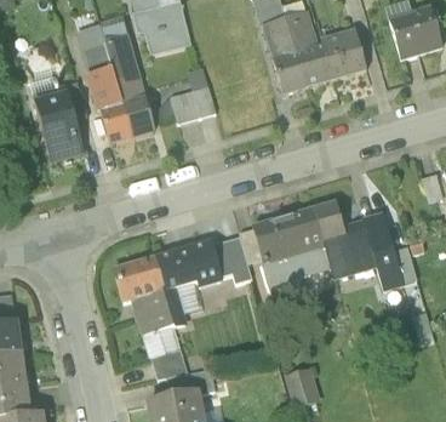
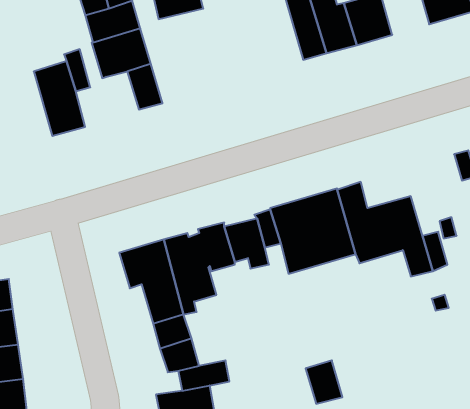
building: [155,86,215,122] -> none
building: [101,101,131,142] -> none

